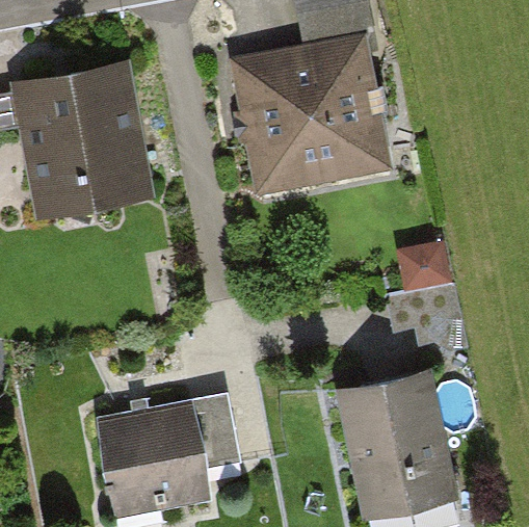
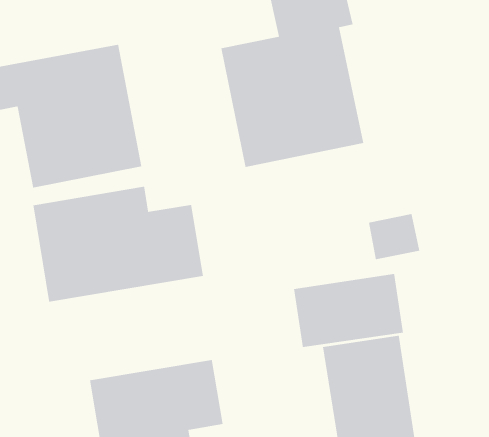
building: none -> [33,186,204,302]
building: none -> [294,273,404,348]

